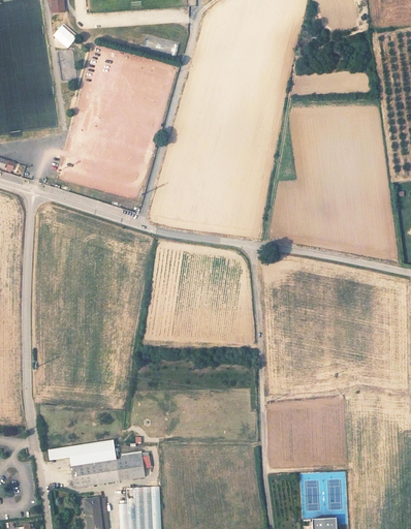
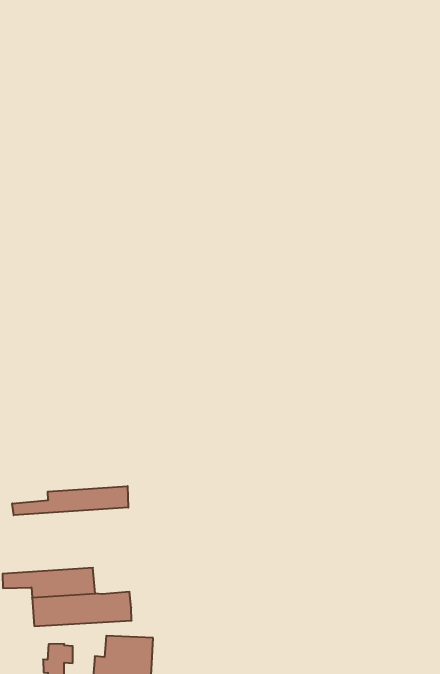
building: none -> [12,486,128,515]

